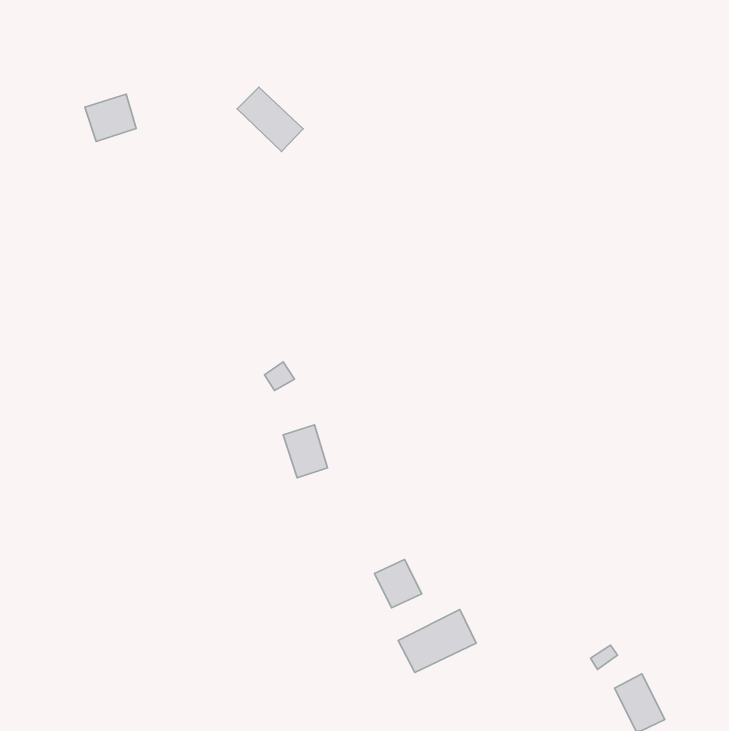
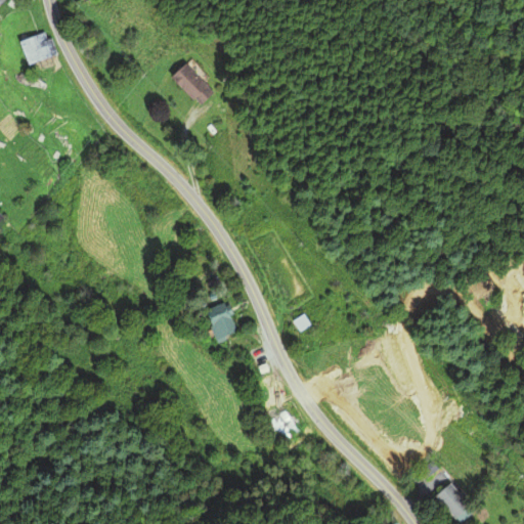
building: [85,94,136,141] -> [14,32,51,66]
building: [398,609,476,673] -> none

